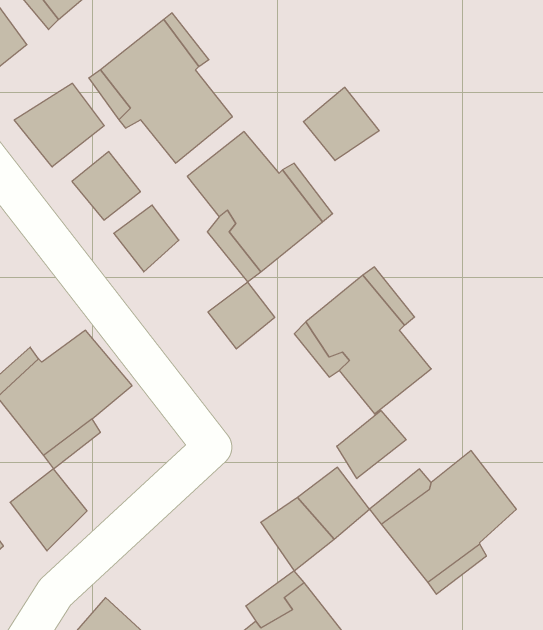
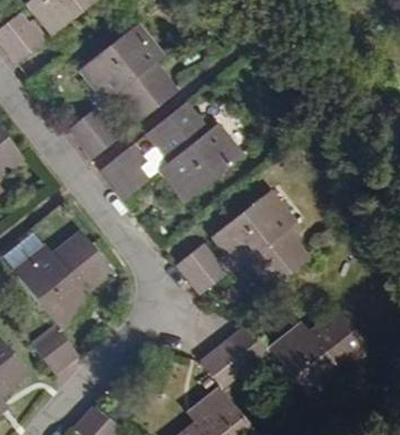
building: [14,83,104,167] -> none
building: [303,87,379,161] -> none
building: [208,282,275,349] -> [177,245,222,289]
building: [337,411,406,479] -> none

